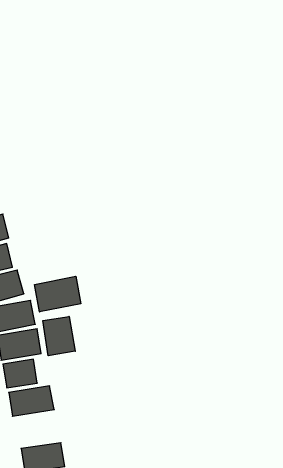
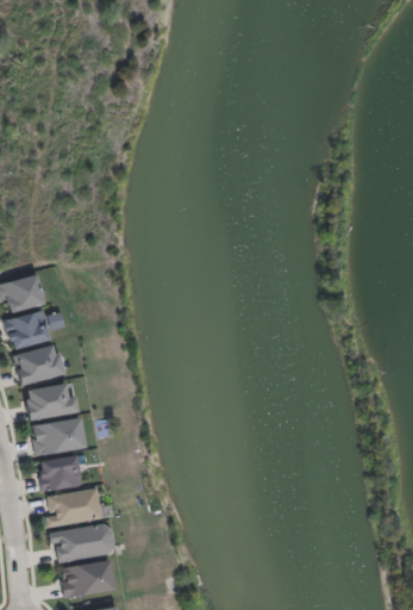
building: [35,276,81,312] -> none
building: [43,316,75,356] -> none
building: none -> [55,525,109,564]

